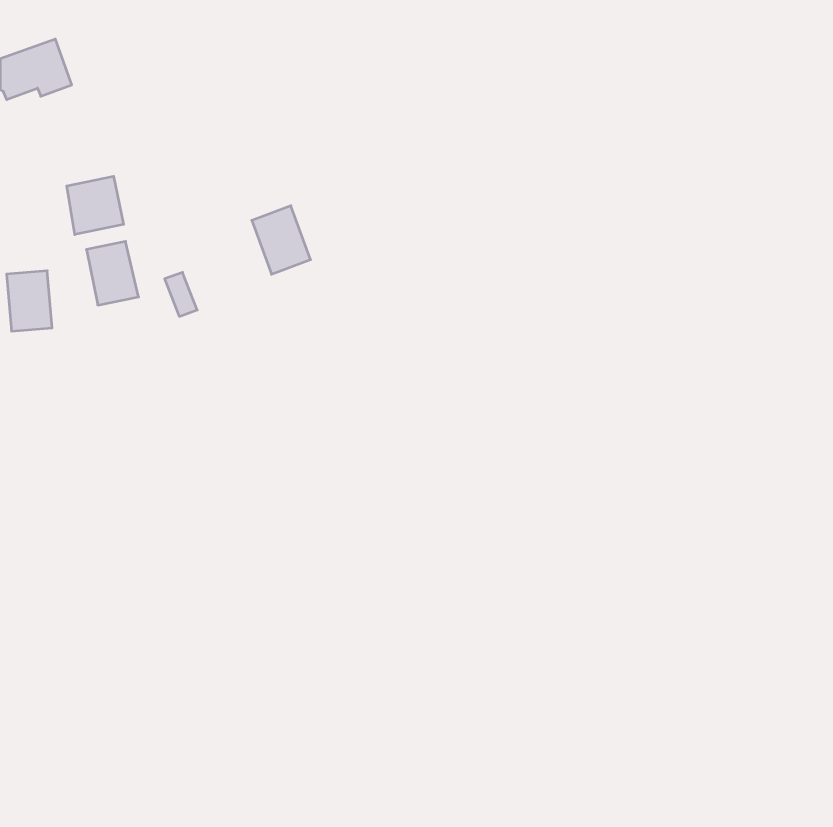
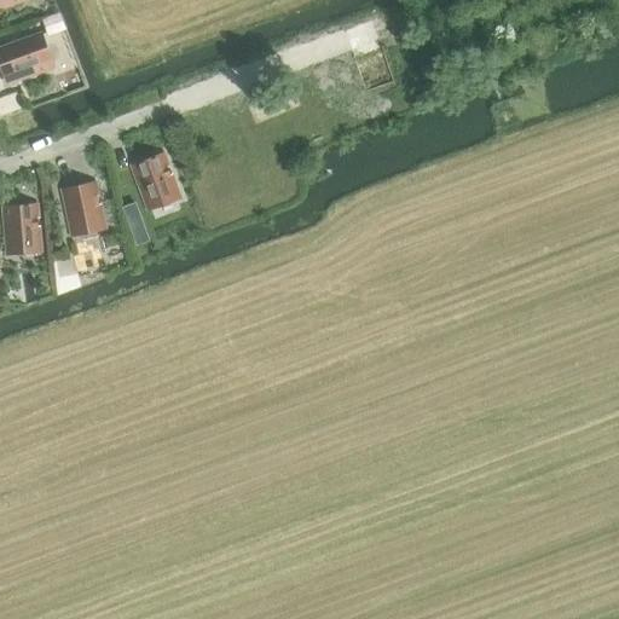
building: [67,176,124,235] -> none
building: [252,206,311,274] -> [133,155,177,206]

